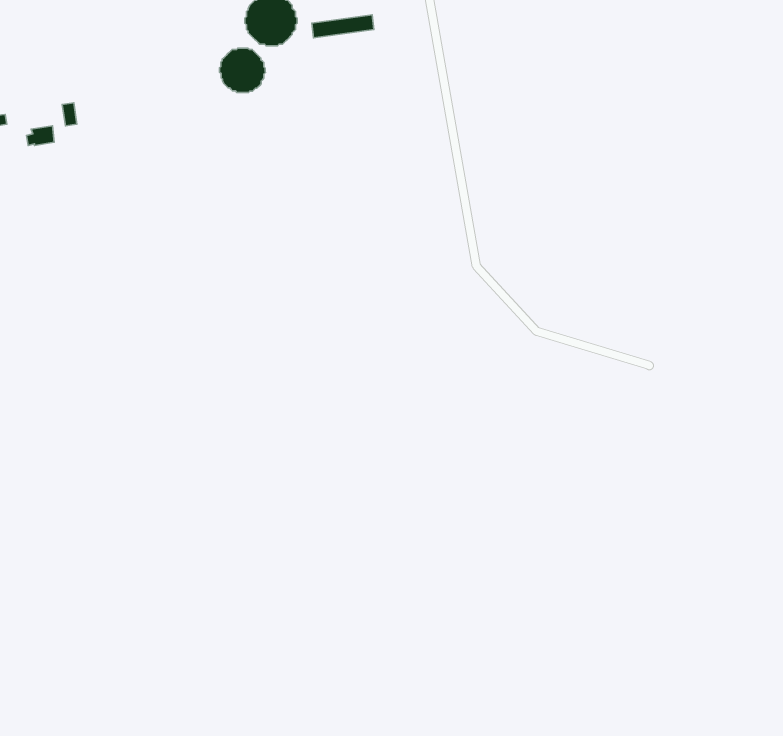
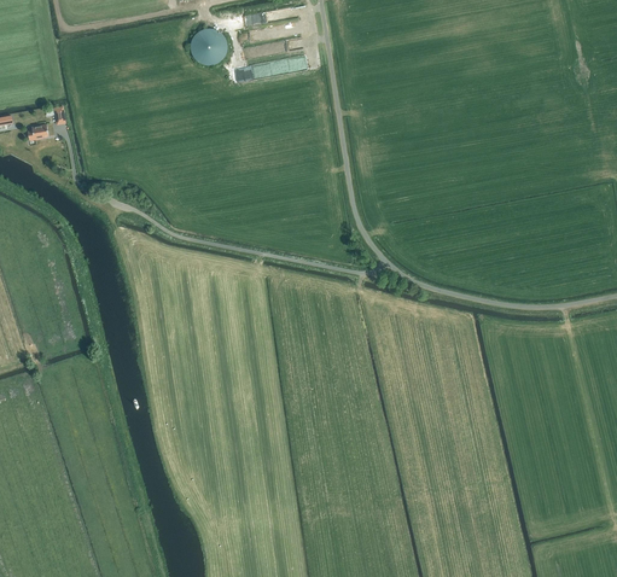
building: [220,48,265,92] -> none

